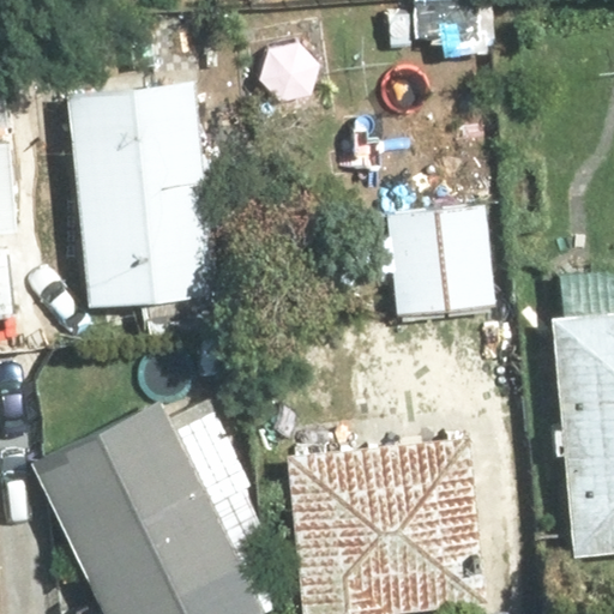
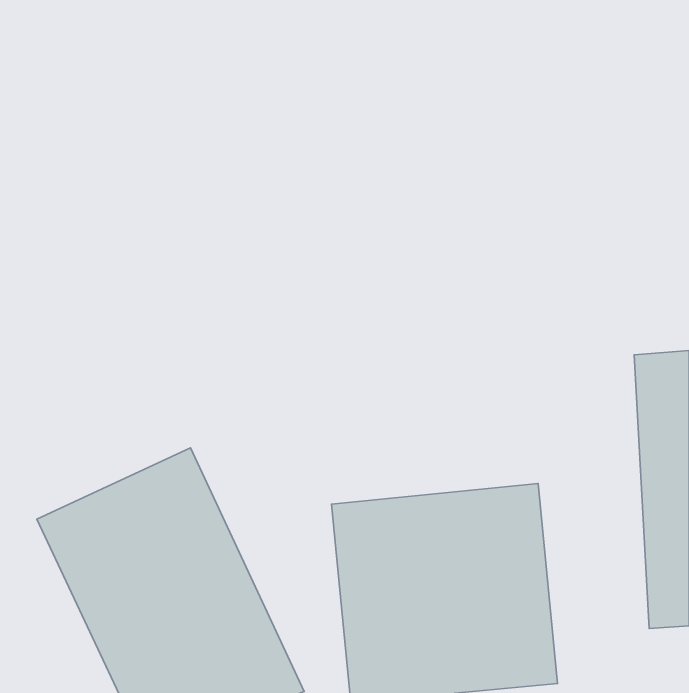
building: [67,82,216,312] -> none
building: [387,207,495,319] -> none

